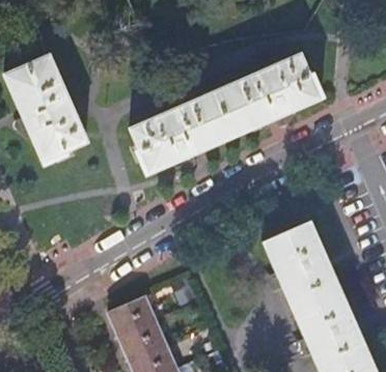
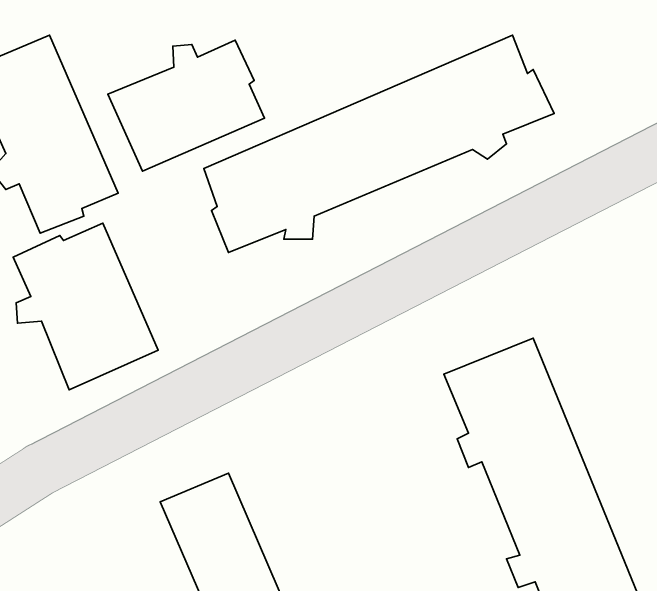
building: none -> [108,40,264,171]
building: none -> [13,223,158,390]

